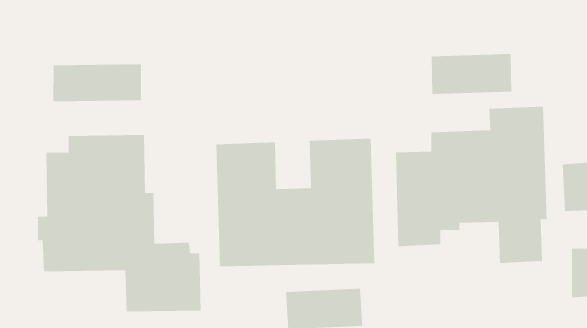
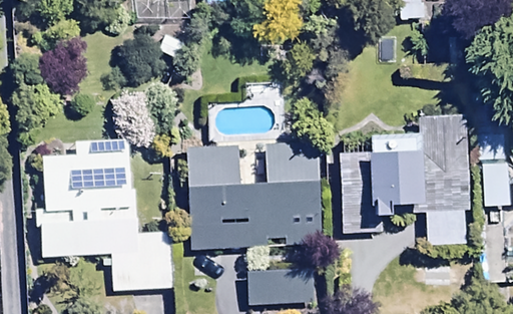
building: [431,53,512,95] -> none
building: [53,64,142,102] -> none

